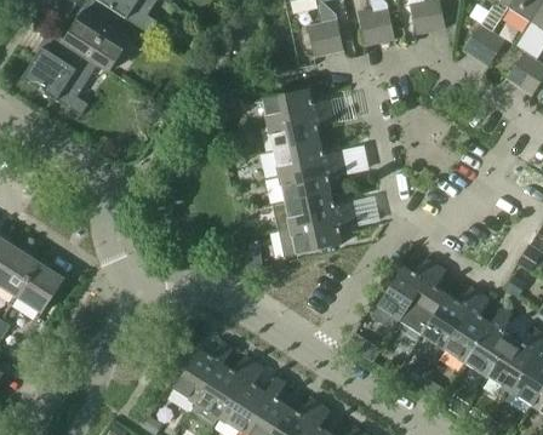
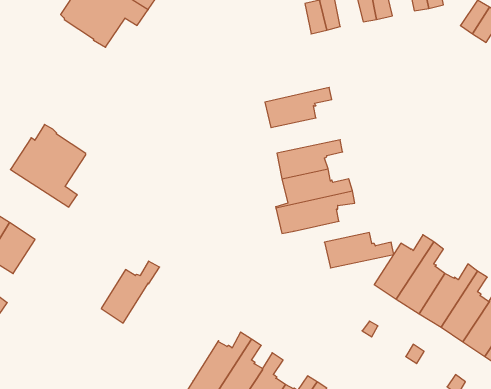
building: [21,33,96,115] -> [10,124,86,207]
building: [262,88,331,125] -> none
building: [273,141,342,176] -> [324,233,394,268]
building: [16,262,63,313] -> none
building: [173,340,232,402] -> [101,261,160,323]

